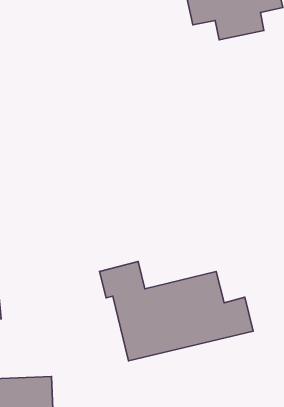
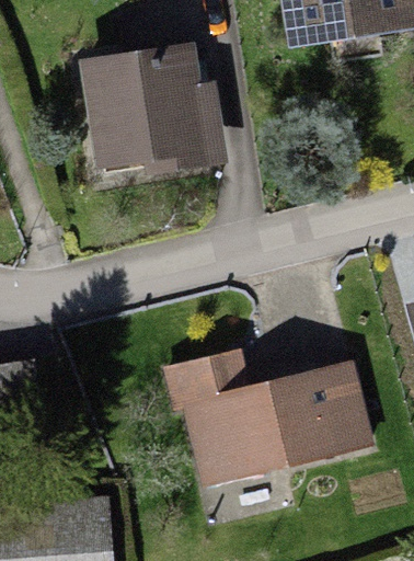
building: none -> [85,55,198,167]

